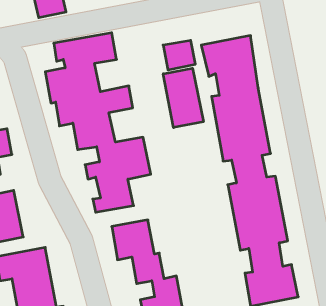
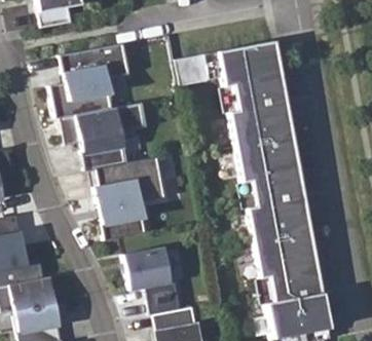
building: [163,68,203,128] -> none

